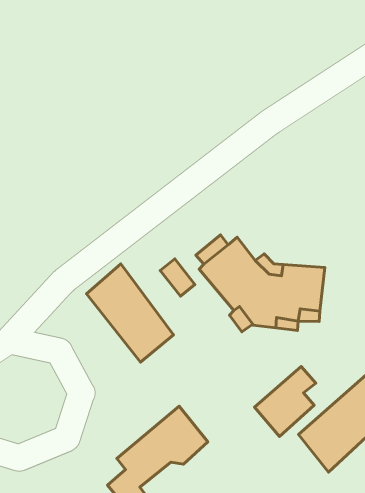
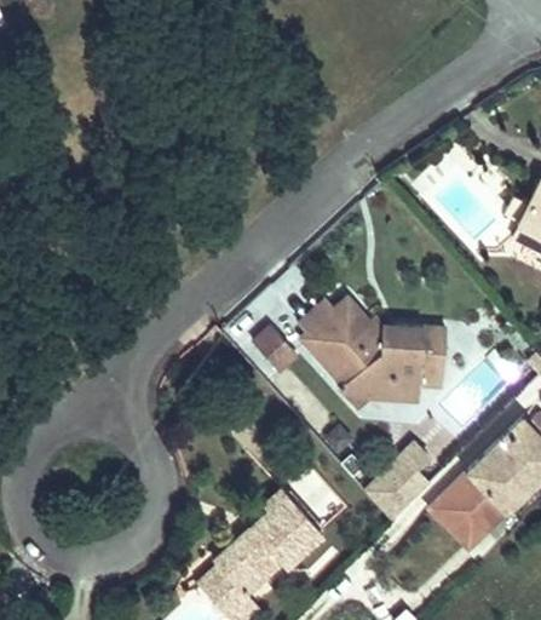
building: [86,264,173,362] -> none

